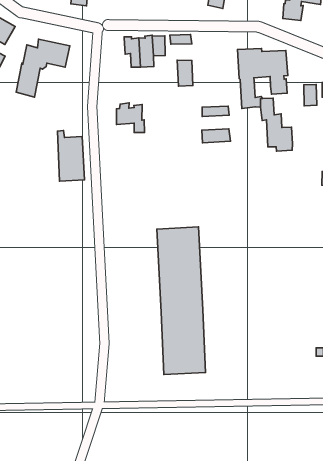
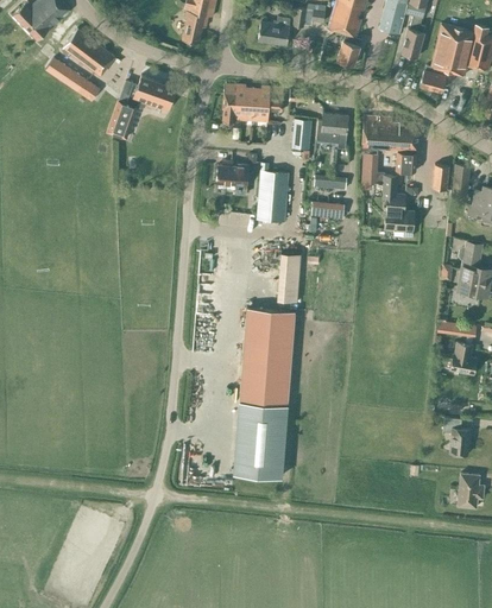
building: none -> [223,84,242,126]
building: none -> [316,113,349,148]
building: [57,130,85,181] -> [257,163,289,222]
building: none -> [278,253,301,303]

